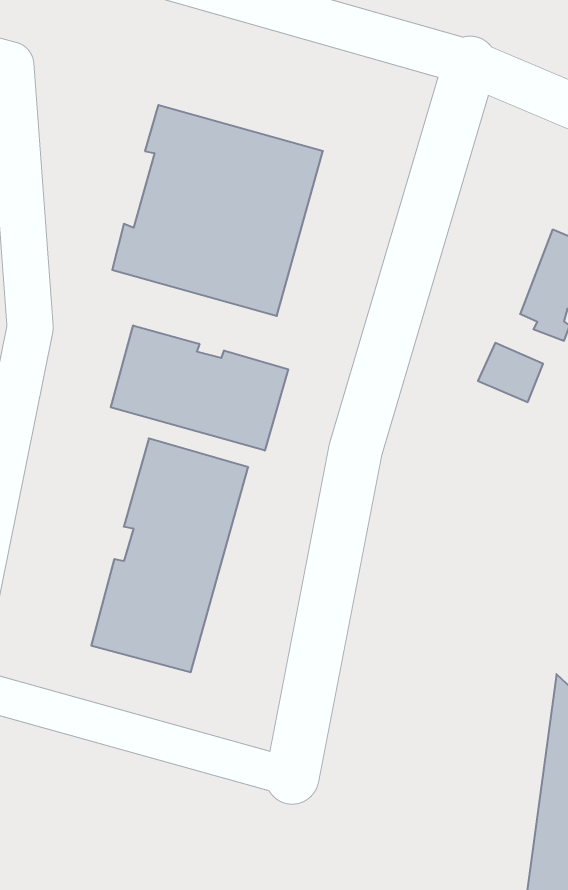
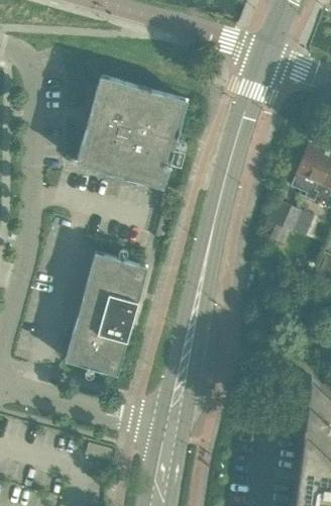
building: [111,325,288,451] -> none

